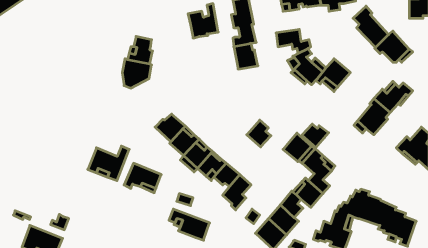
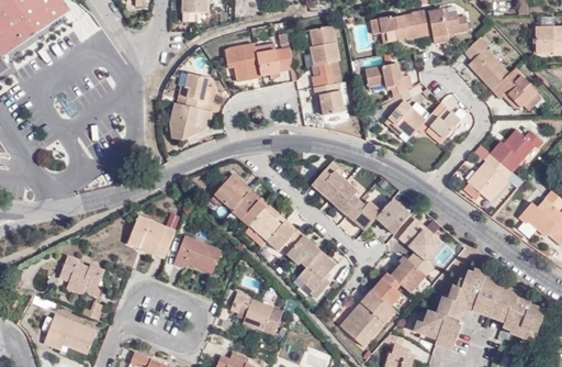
building: none -> [225,42,261,80]
building: none -> [312,171,346,200]
building: [302,124,329,147] -> [347,201,381,231]
building: none -> [60,256,103,298]

